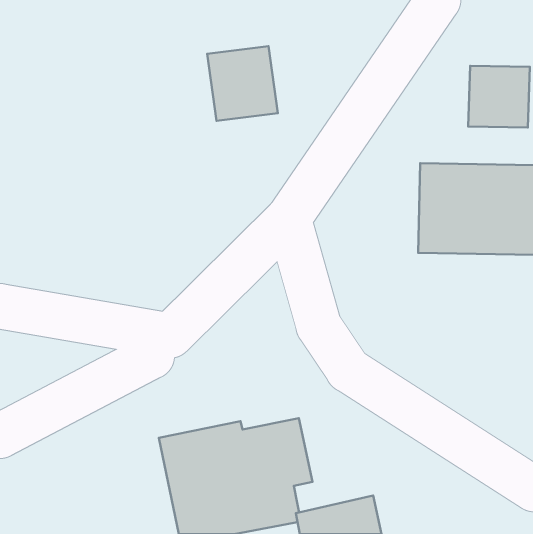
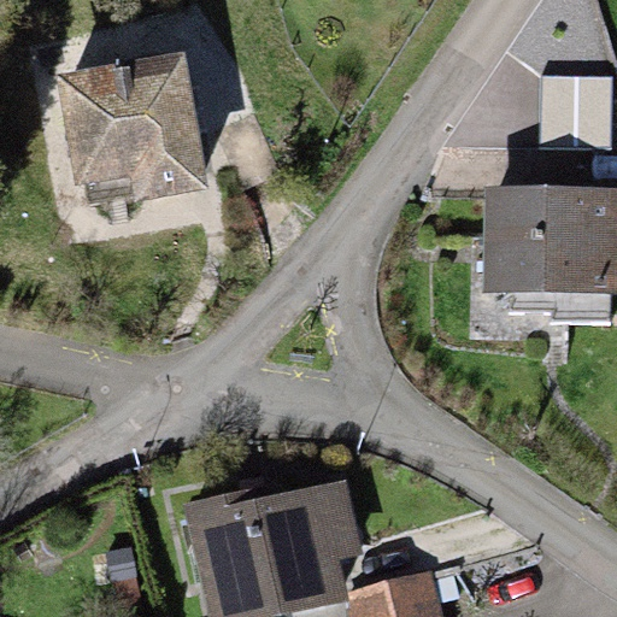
building: [207,46,278,121] -> none
building: none -> [58,55,206,201]

